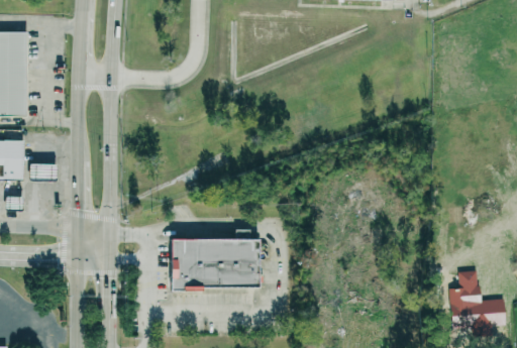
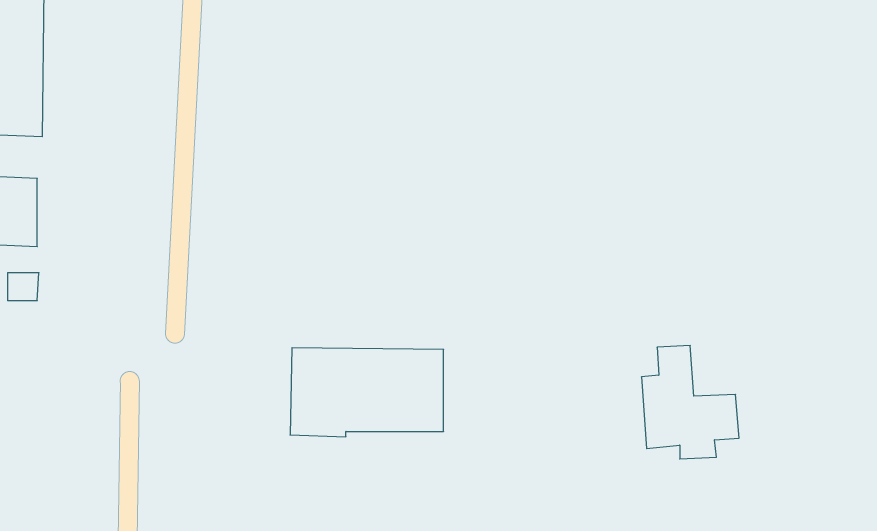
building: [32,162,59,179] -> none
building: [449,271,506,337] -> [641,346,739,459]

